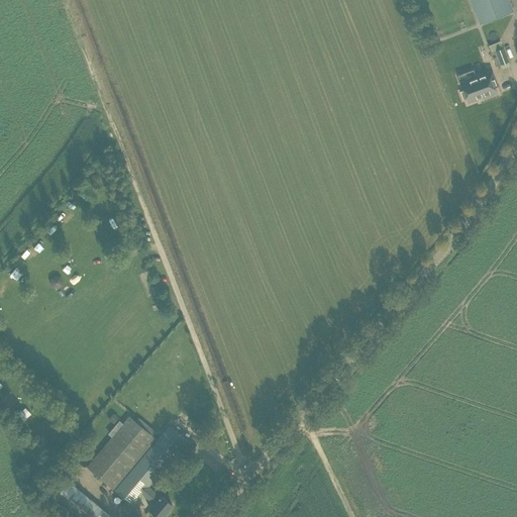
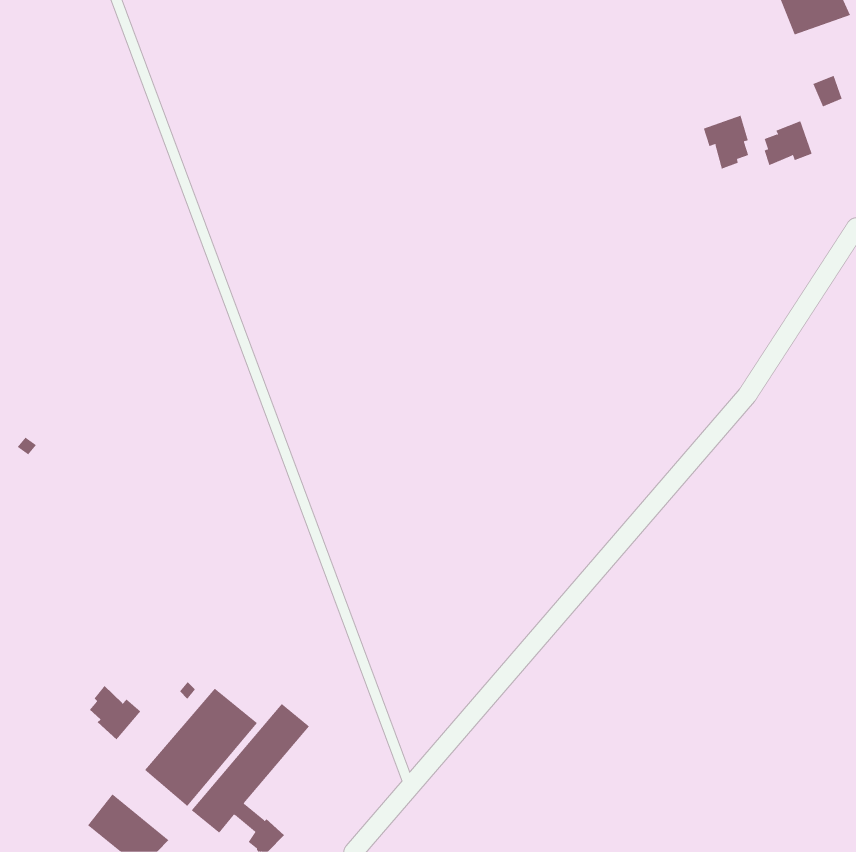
building: none -> [703,115,749,169]
building: none -> [89,685,141,740]

